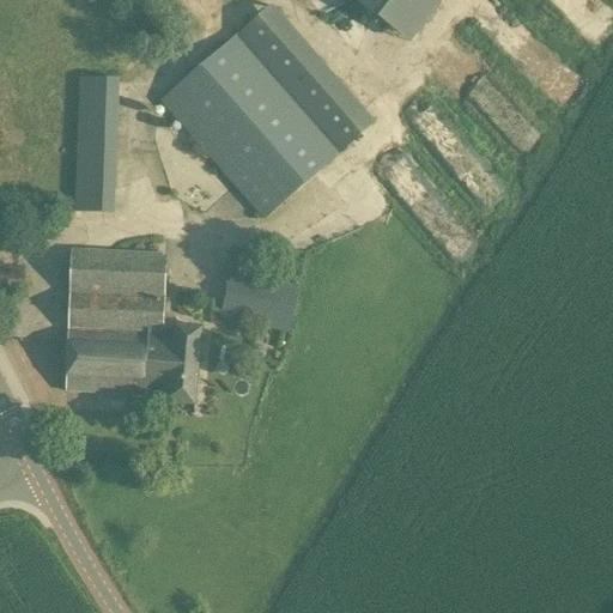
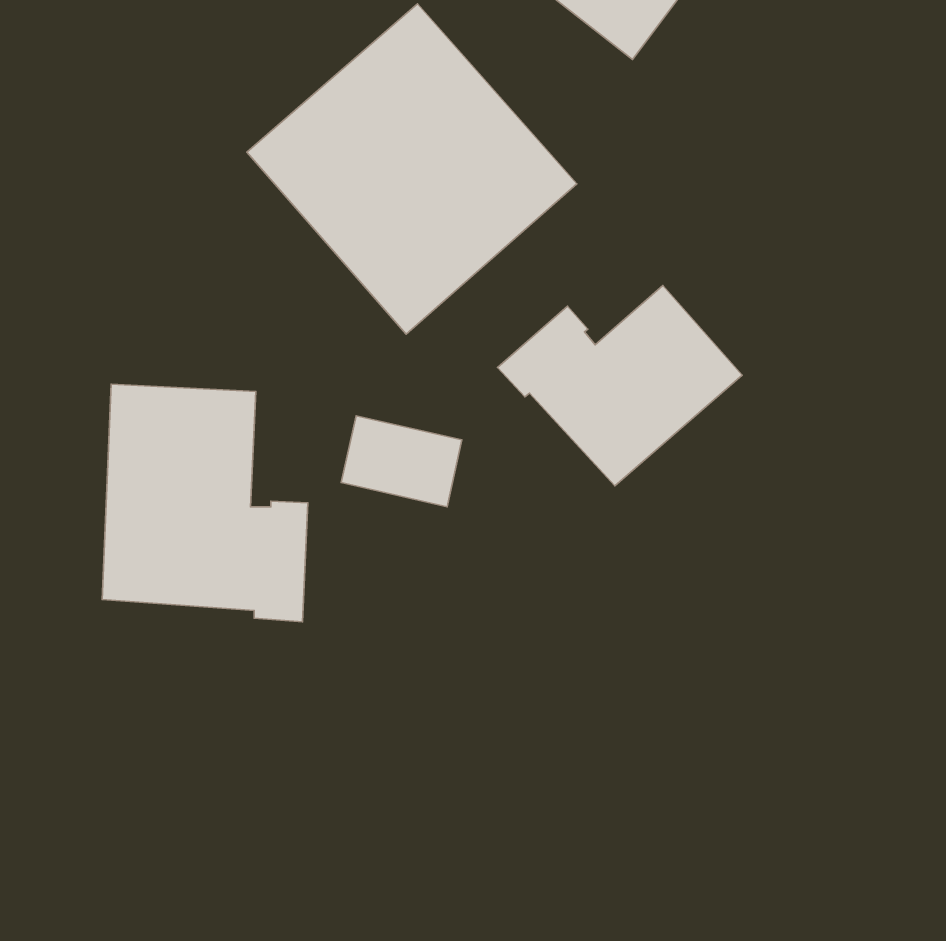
building: [75,75,119,210] -> none
building: none -> [498,285,742,486]

